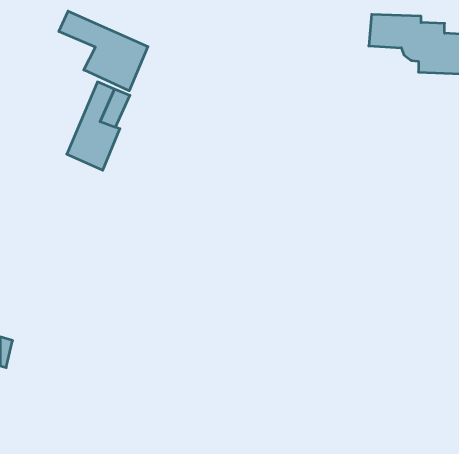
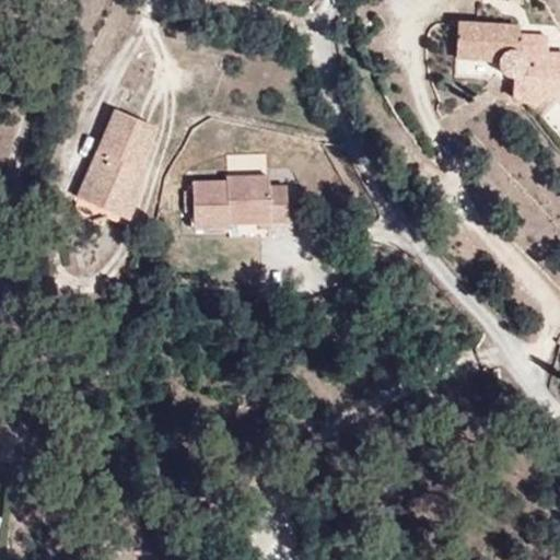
building: [59,11,148,91] -> none
building: none -> [191,171,294,232]

